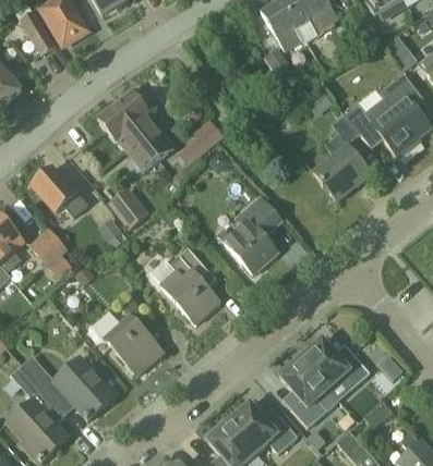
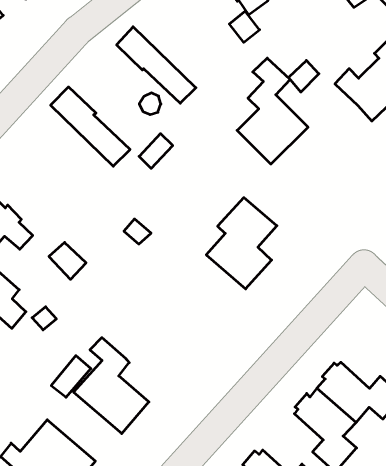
building: [98,102,158,169] -> [117,27,196,103]
building: [314,113,372,199] -> [237,58,308,164]
building: [109,187,152,231] -> none
building: [152,246,220,322] -> none

